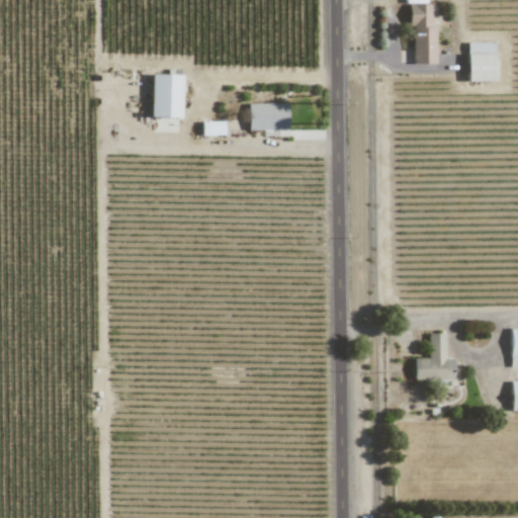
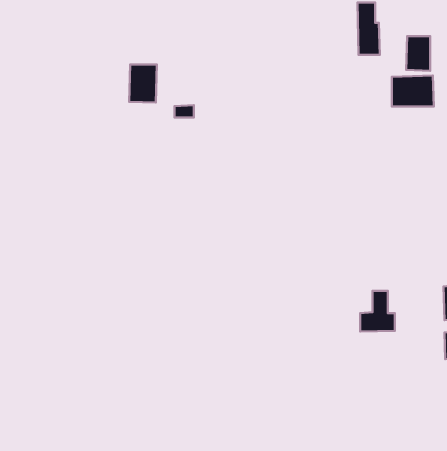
building: none -> [392,76,434,107]
building: [252,103,291,131] -> none

